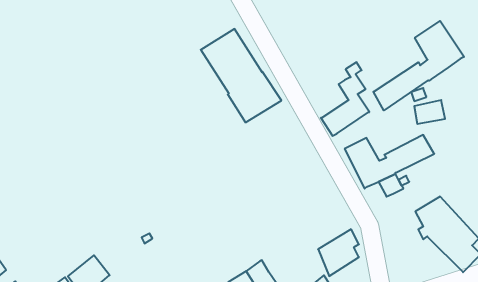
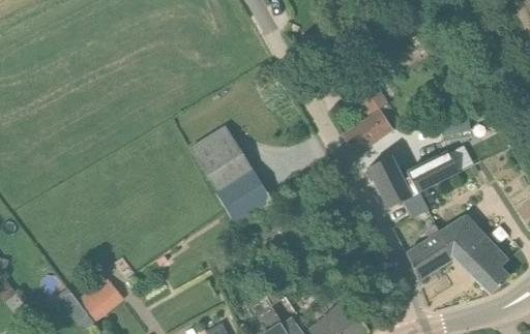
building: [373,21,464,110] -> none
building: [201,29,281,122] -> [189,125,273,222]
building: [318,229,359,276] -> [406,232,448,280]

